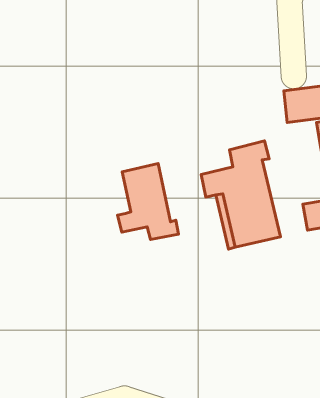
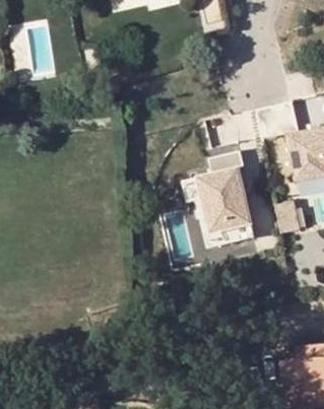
building: [117,164,179,240] -> none

